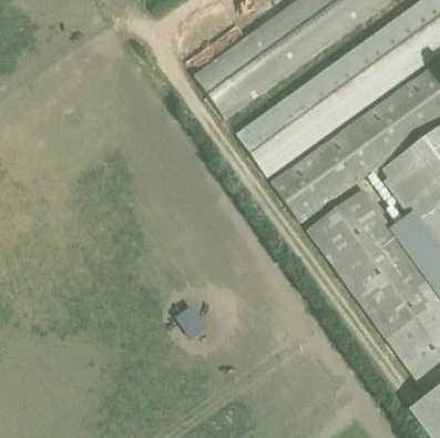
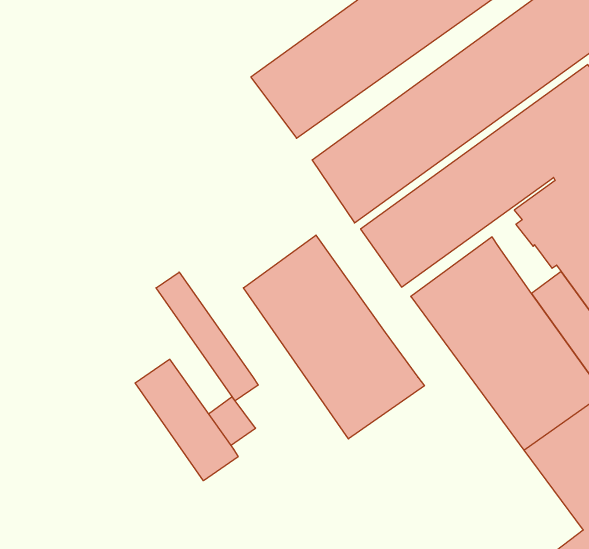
building: none -> [243,235,424,439]
building: none -> [156,272,258,401]
building: none -> [135,359,238,481]

